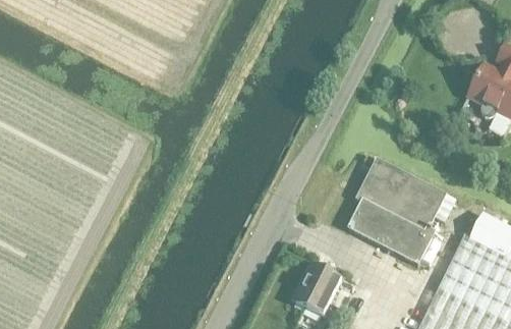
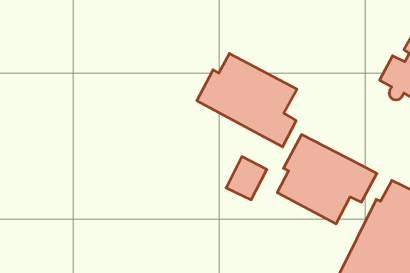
building: none -> [197,53,297,147]
building: [292,264,340,315] -> [226,157,267,200]

